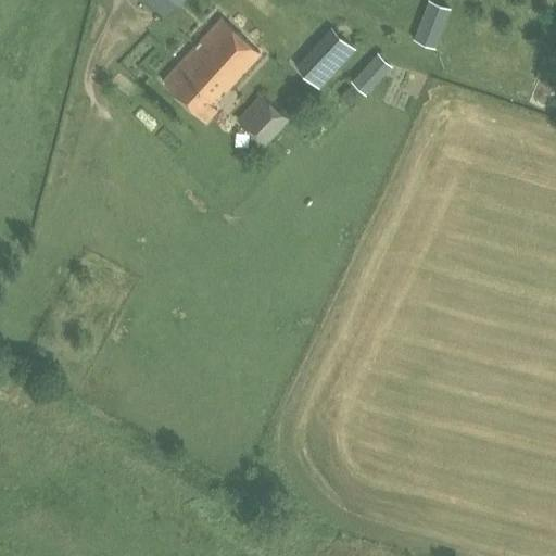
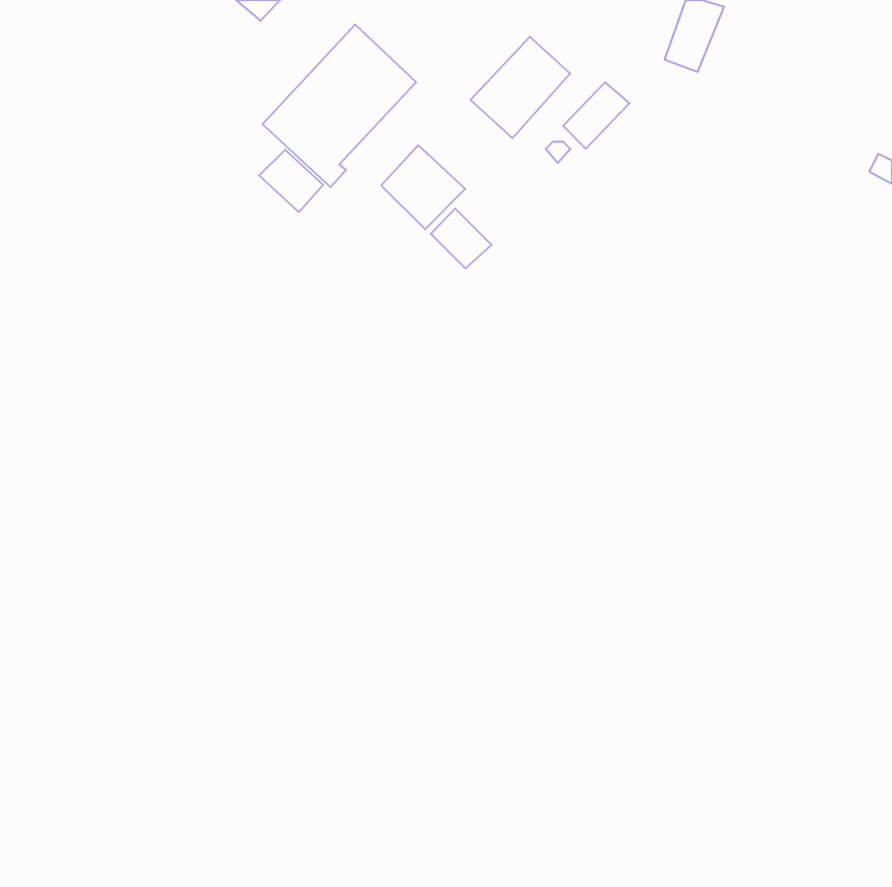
building: none -> [259,150,323,212]
building: none -> [431,209,492,269]

